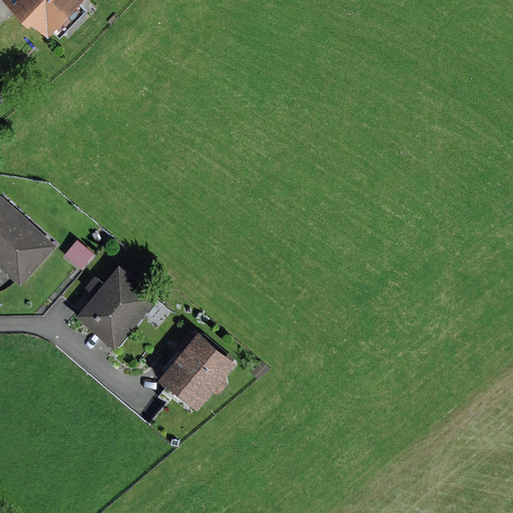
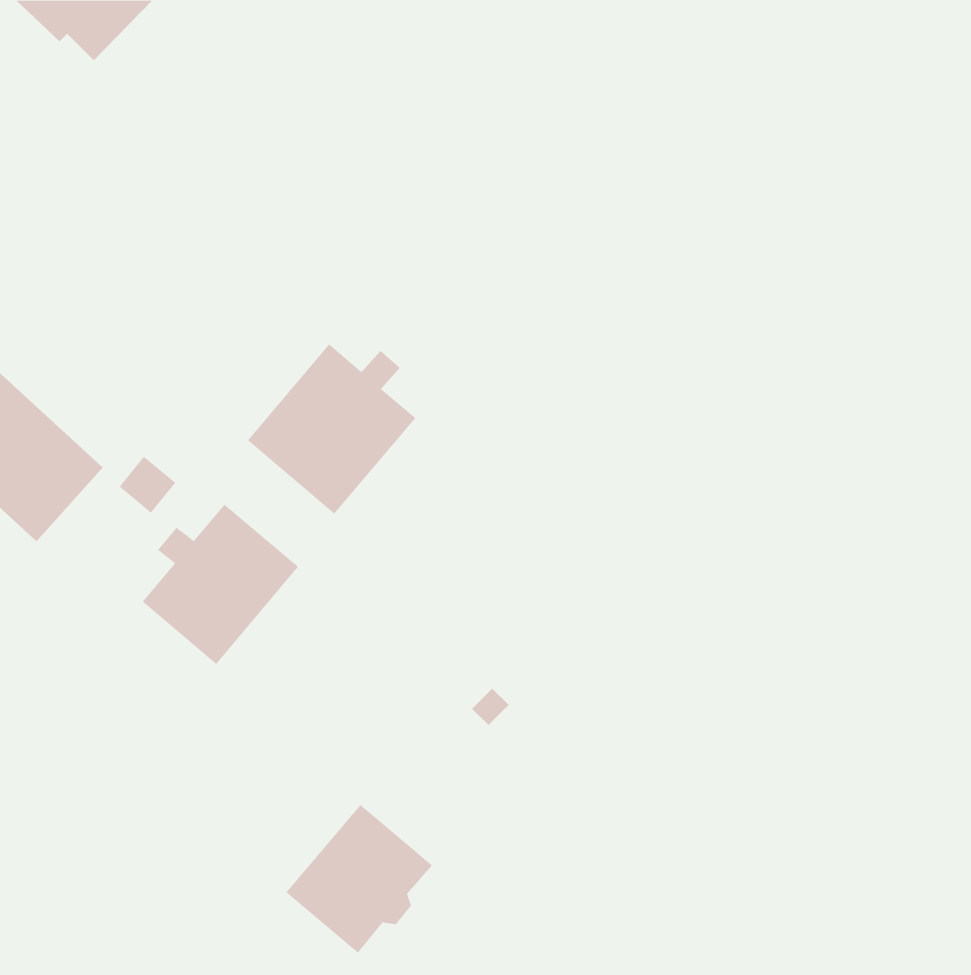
building: none -> [247,344,416,515]
building: [159,332,236,410] -> [285,804,433,954]

